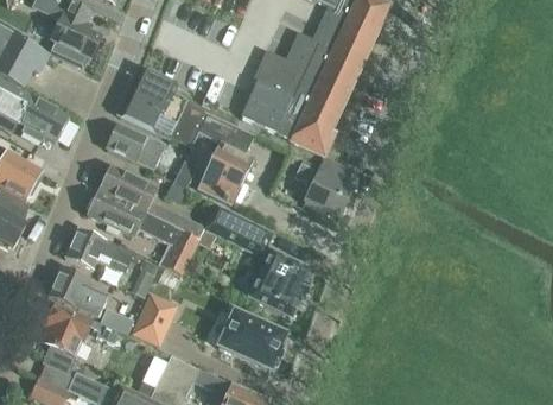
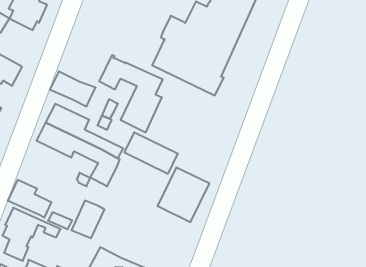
building: [121,68,186,138] -> none
building: [294,156,352,217] -> none
building: [65,228,134,272] -> none
building: [217,310,286,368] -> none

